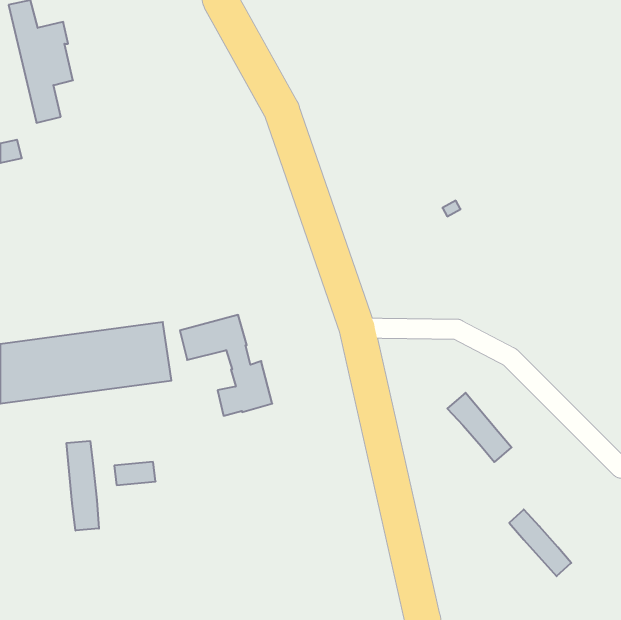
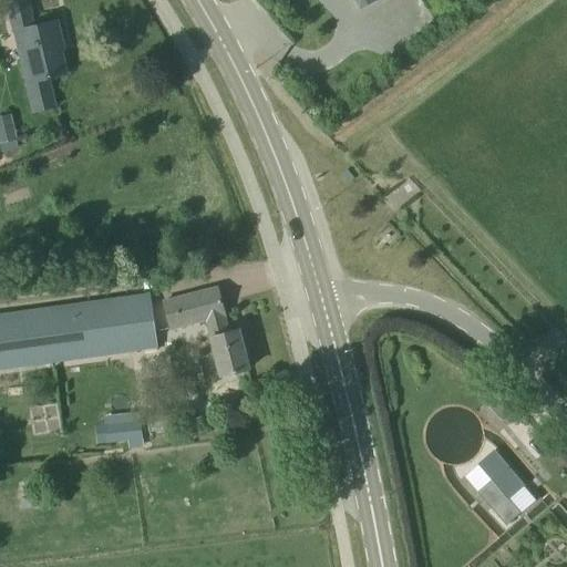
building: [447,393,512,462] -> [477,450,536,513]
building: [67,441,99,531] -> none

